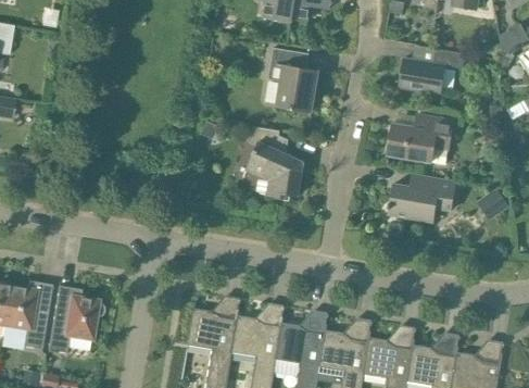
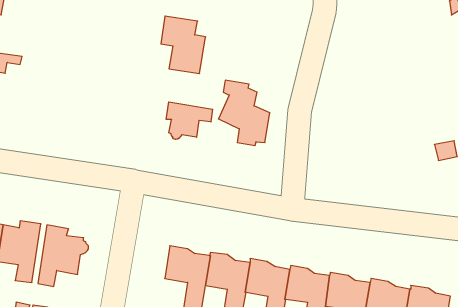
building: [268,48,317,111] -> [161,16,206,74]
building: [399,49,465,95] -> none
building: [389,114,453,165] -> none
building: none -> [166,102,213,139]
building: [388,175,456,222] -> none

